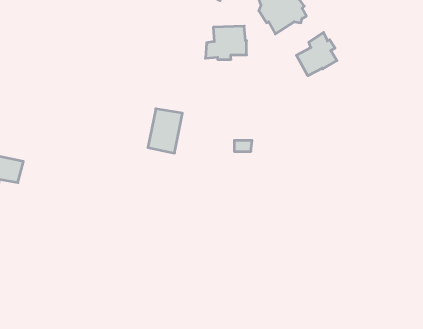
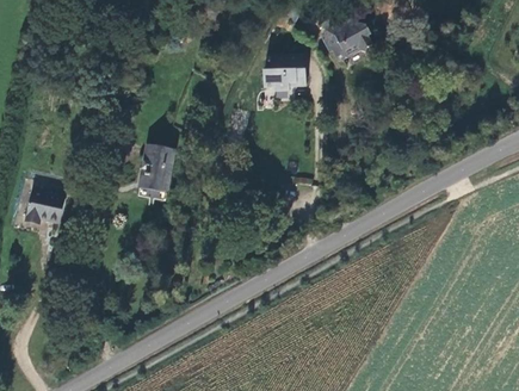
building: [296,32,337,76] -> none
building: [148,109,182,153] -> [140,147,177,194]

